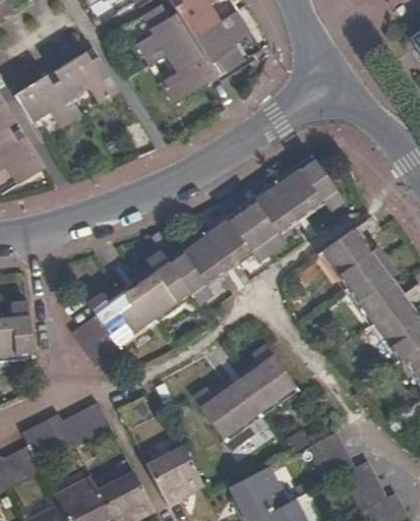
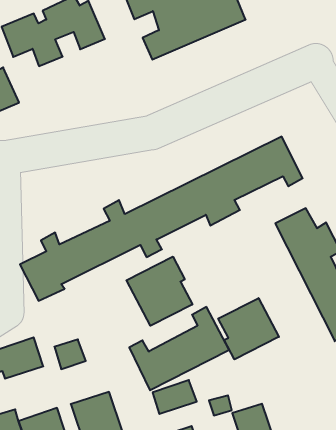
building: none -> [126,257,192,326]
building: none -> [218,298,279,359]

